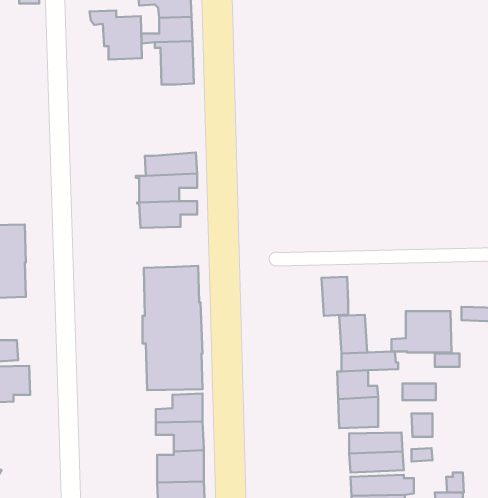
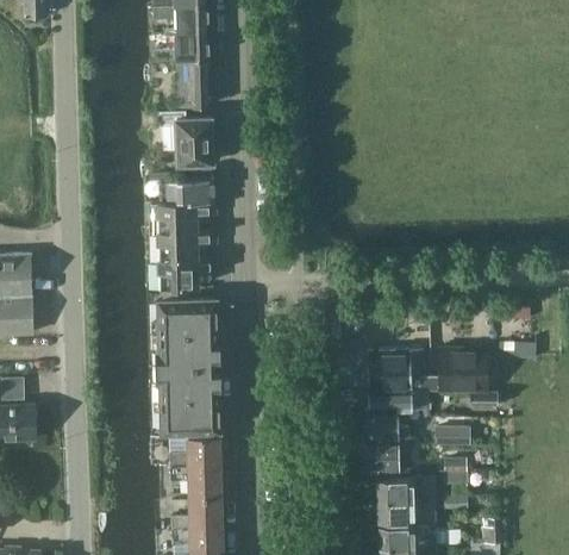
building: [90,11,142,59] -> [157,112,213,164]
building: none -> [152,257,217,288]
building: [322,277,348,316] -> [395,350,424,392]

